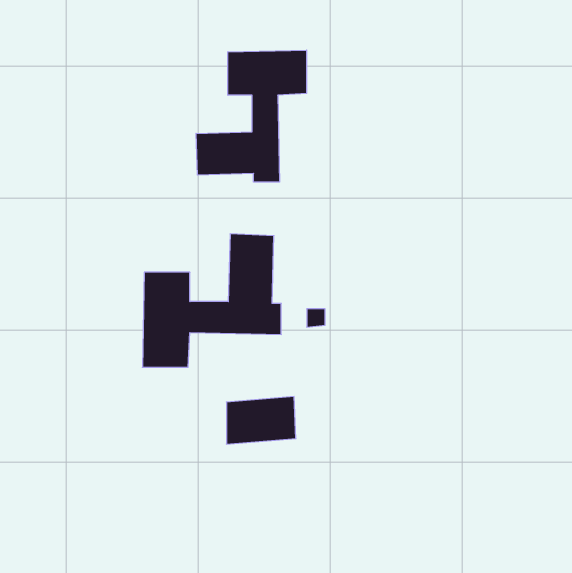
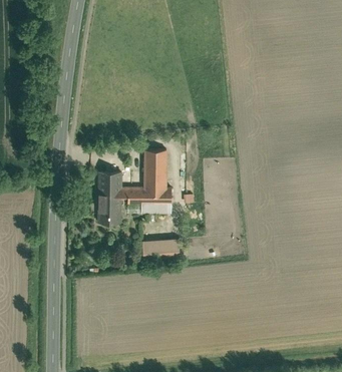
building: [196,50,307,182] -> none

